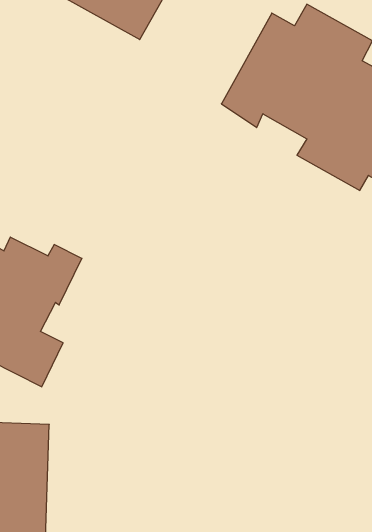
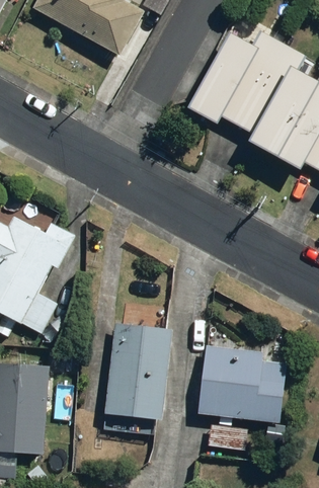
building: none -> [104,322,171,436]
building: none -> [197,343,286,446]

